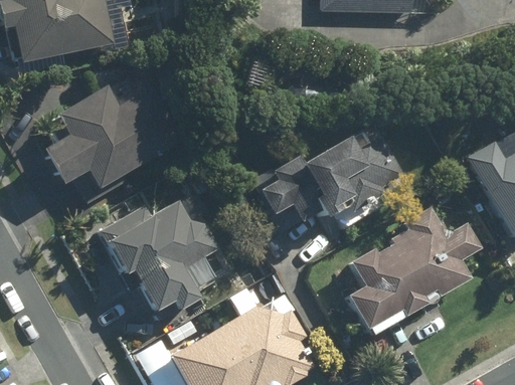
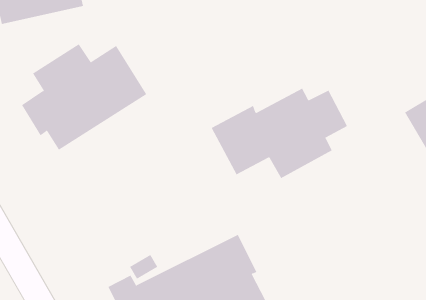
building: [99,199,218,309] -> none
building: [346,208,478,333] -> none

